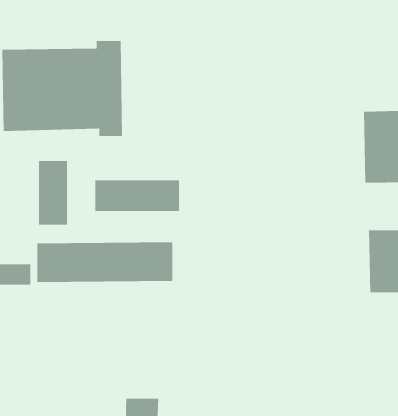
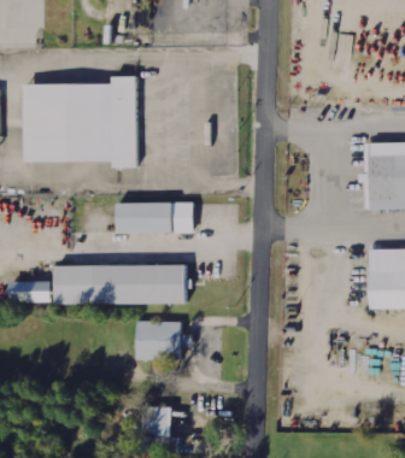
building: [38,160,68,225] -> none
building: none -> [135,321,182,362]

